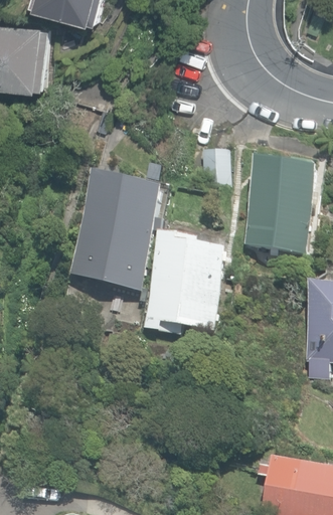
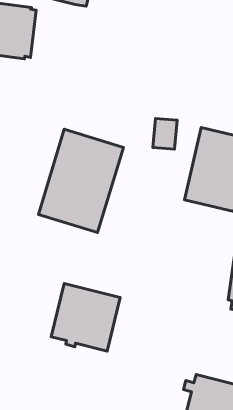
building: [142,230,226,330] -> none
building: none -> [51,283,120,351]

